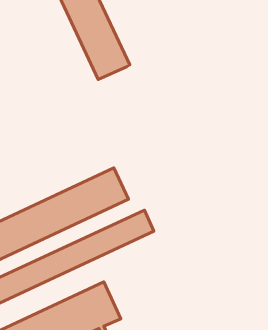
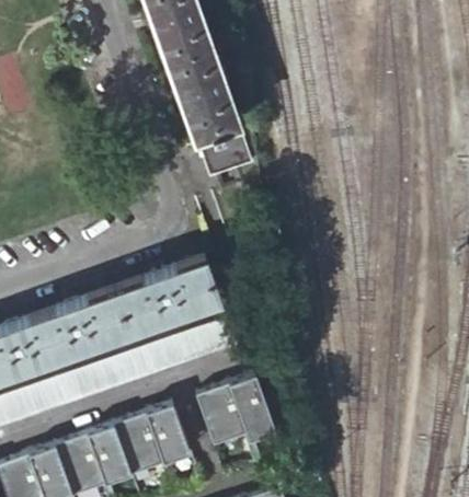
building: none -> [193,120,245,173]
building: none -> [199,368,276,460]

